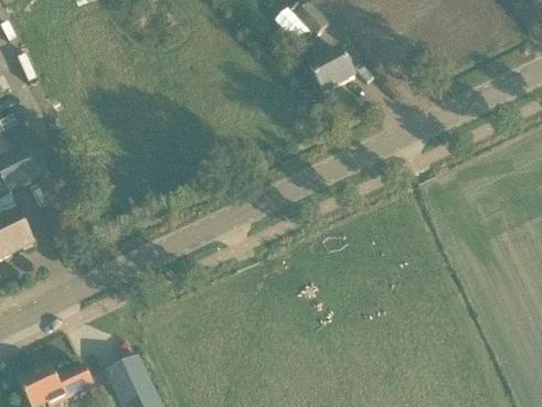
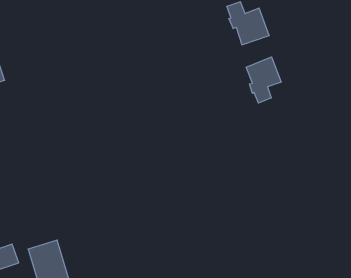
building: none -> [246,57,281,103]

